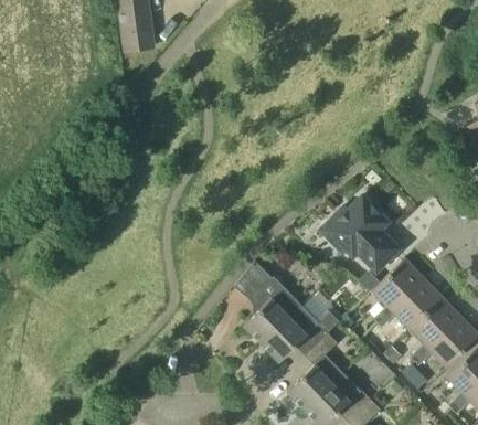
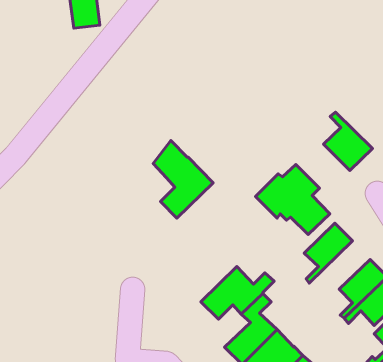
building: none -> [324,112,372,171]
building: [236,261,300,343] -> [153,141,213,218]
building: [378,278,443,330] -> none

